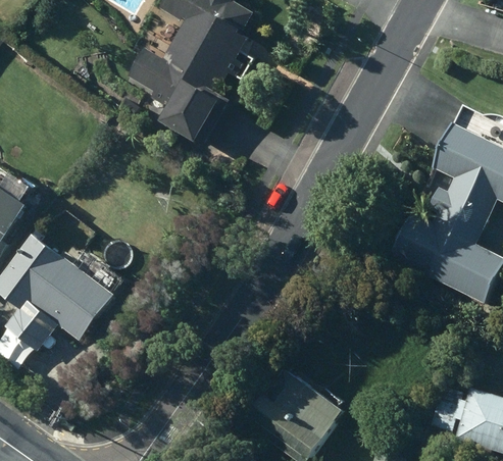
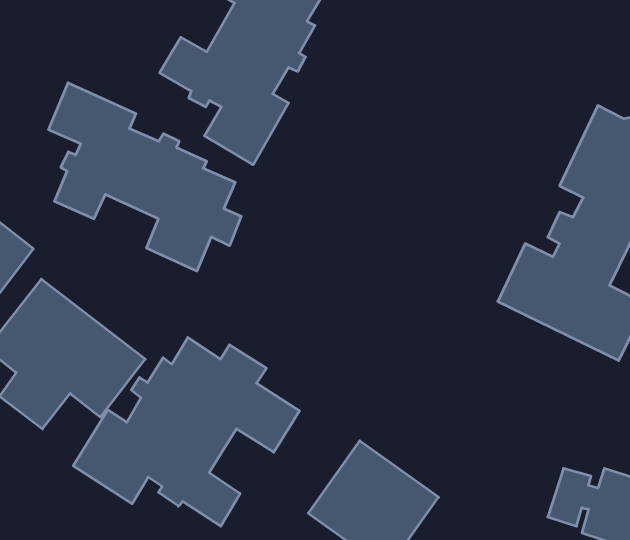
building: none -> [49,83,241,271]
building: none -> [73,337,299,526]

